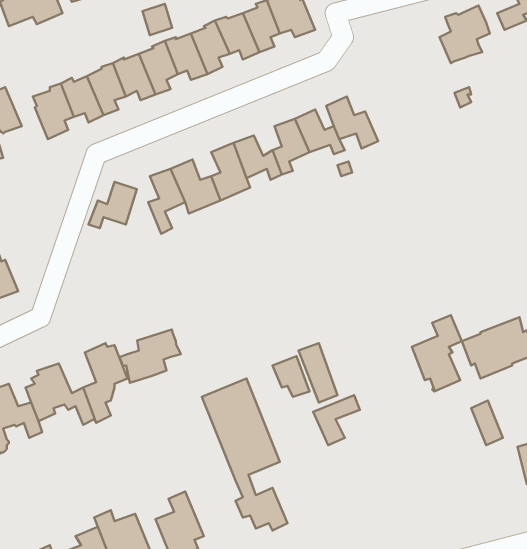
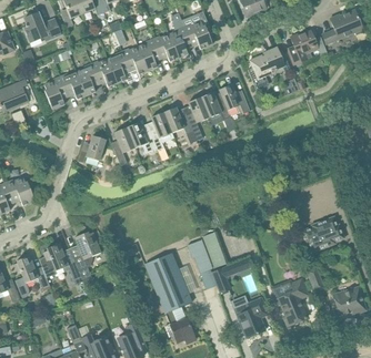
building: none -> [248,45,291,90]
building: [412,315,462,391] -> [278,278,308,324]
building: [119,329,181,383] -> none
building: none -> [233,296,268,336]

